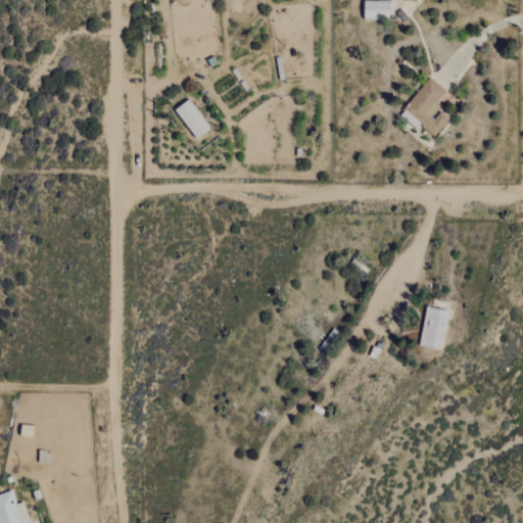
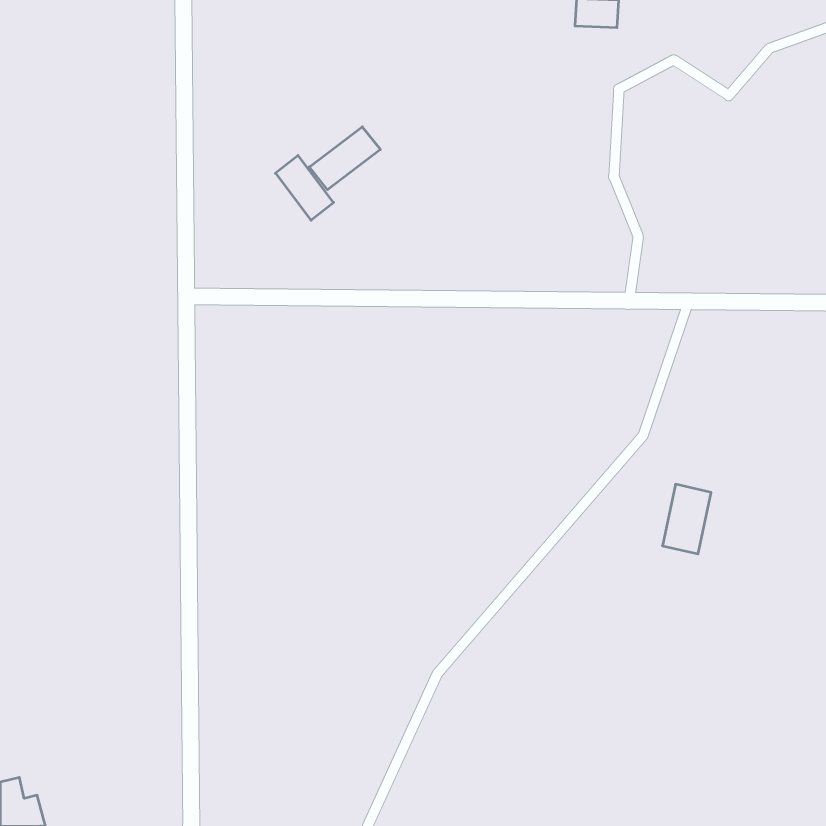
building: [399,77,449,137] -> none
building: none -> [309,127,380,190]

